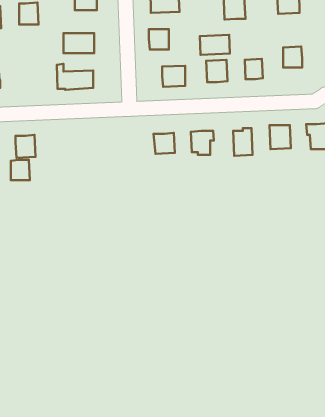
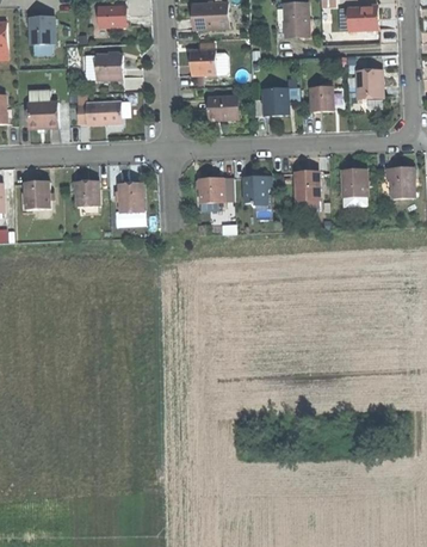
building: [200,35,230,55] -> none
building: none -> [26,88,57,128]
building: none -> [118,182,142,210]
building: [11,160,30,180] -> [75,180,99,205]

